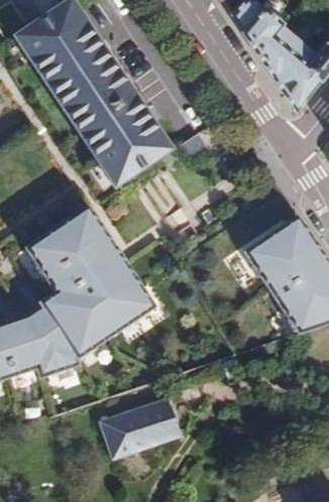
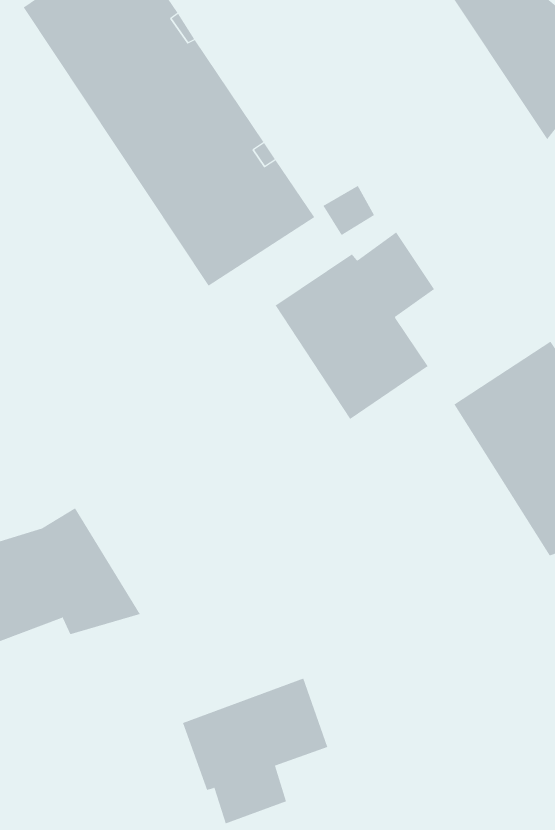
building: none -> [275,232,435,420]
building: [27,208,152,356] -> none

